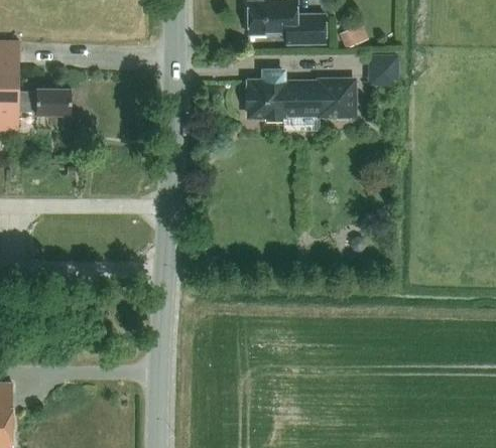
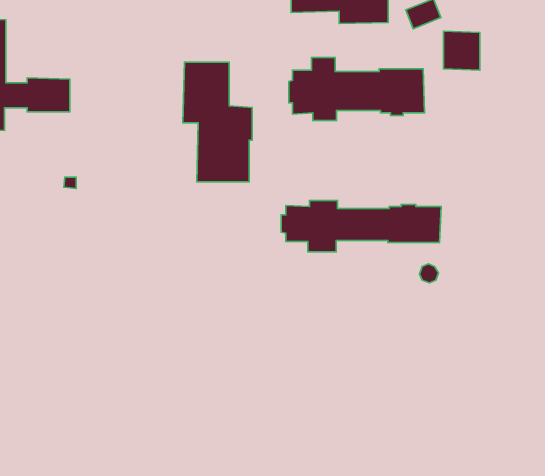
building: none -> [183,62,252,182]
building: none -> [281,200,441,252]

